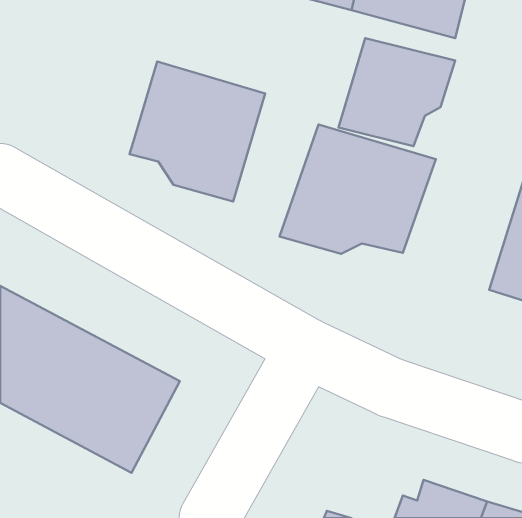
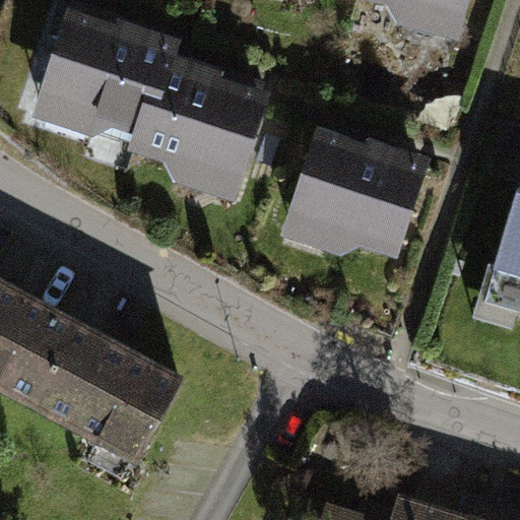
building: none -> [31,7,166,140]
building: [338,38,455,146] -> none

